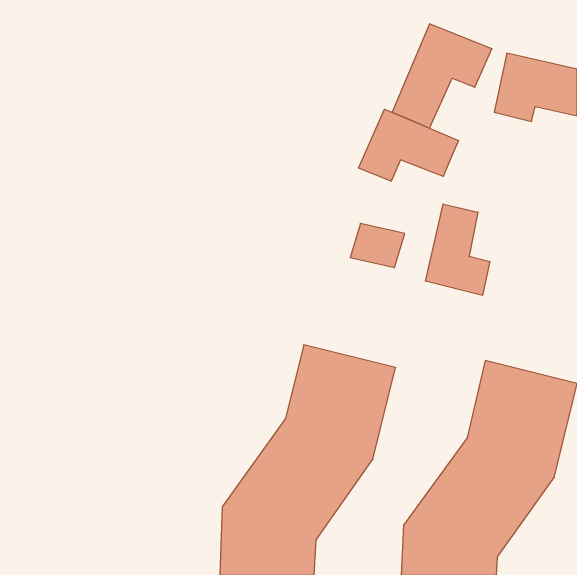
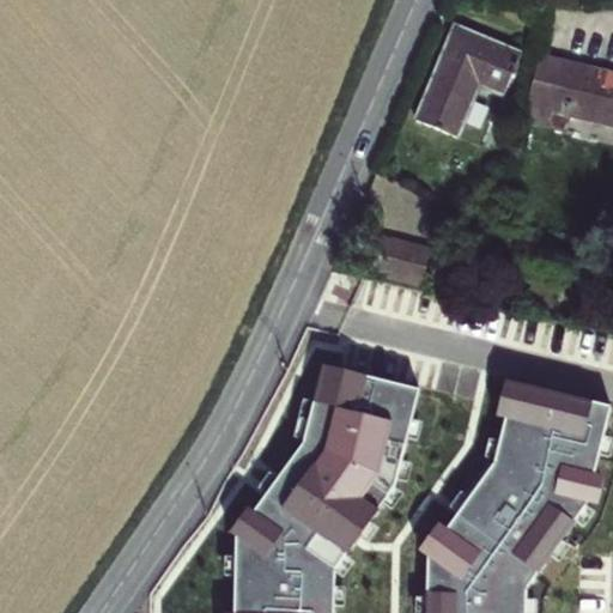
building: [359,109,458,181] -> none
building: [425,204,490,295] -> none

